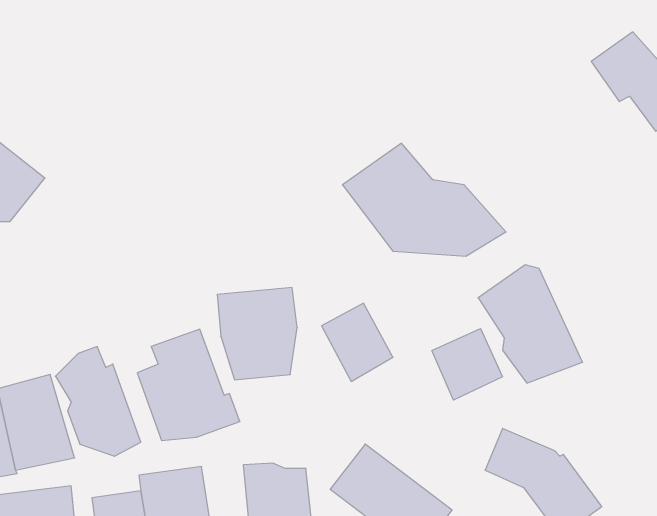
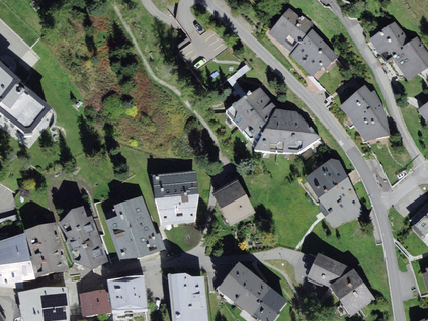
building: none -> [268,8,338,77]
building: none -> [339,85,390,142]
building: [432,329,503,400] -> none

